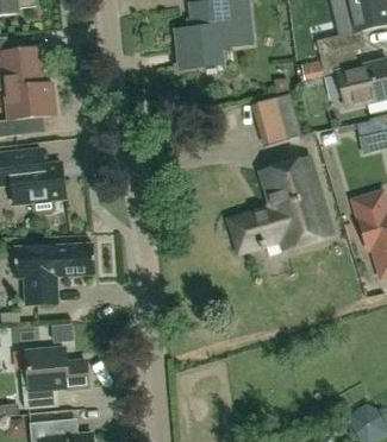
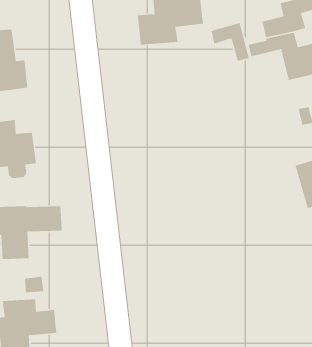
building: [255,94,299,138] -> [210,22,250,62]
building: [230,154,333,251] -> none

